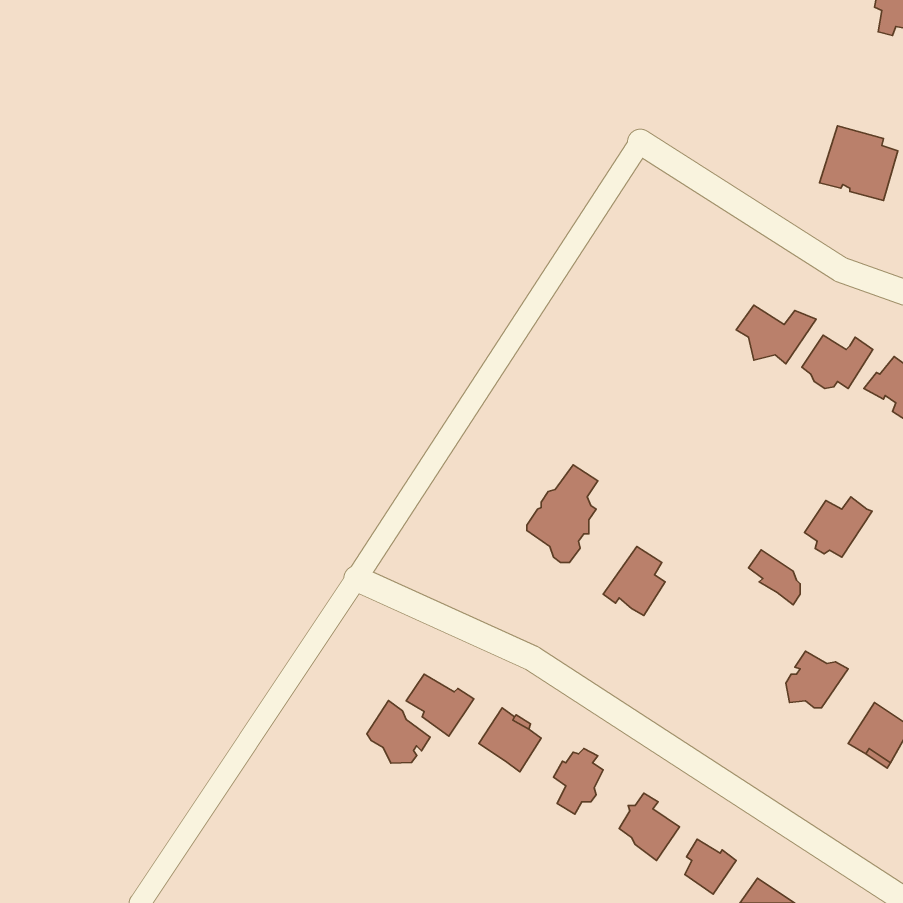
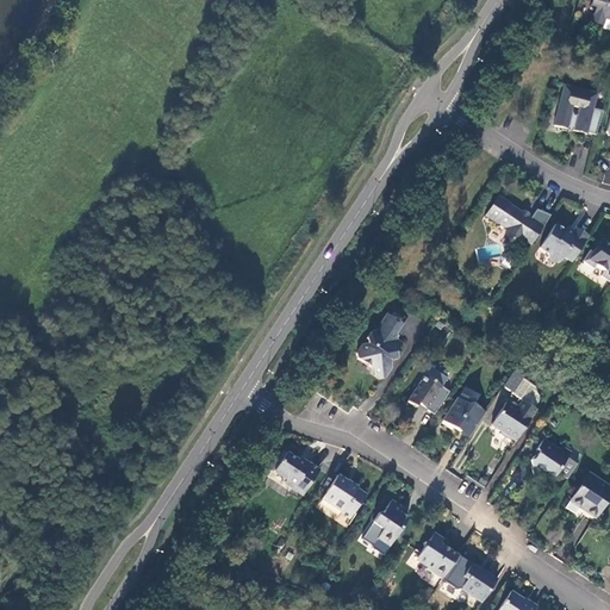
building: [805,497,872,557] -> [493,398,539,438]
building: none -> [443,396,486,436]
building: [367,700,430,763] -> none

